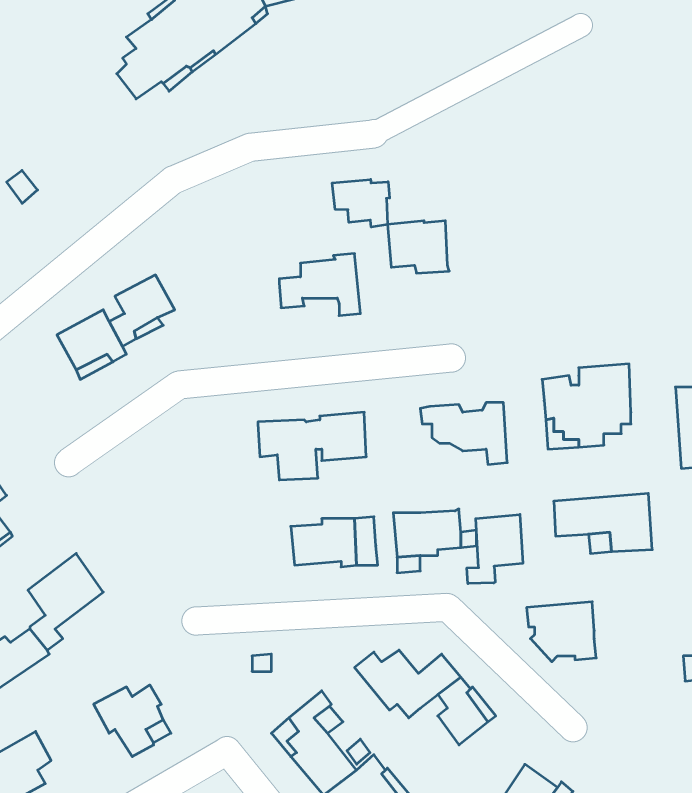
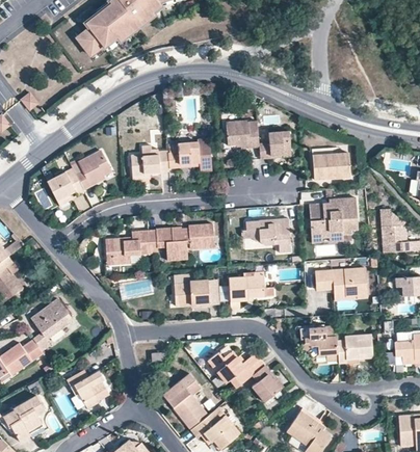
building: [332,179,390,227] -> none
building: none -> [258,131,290,160]
building: none -> [131,147,168,176]
building: none -> [313,152,351,179]
building: none -> [106,230,158,264]
building: [467,514,523,584] -> none
building: none -> [337,335,373,363]

